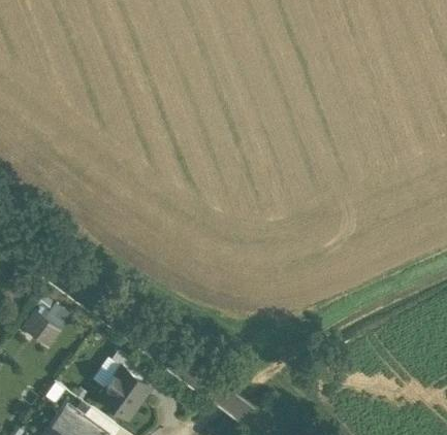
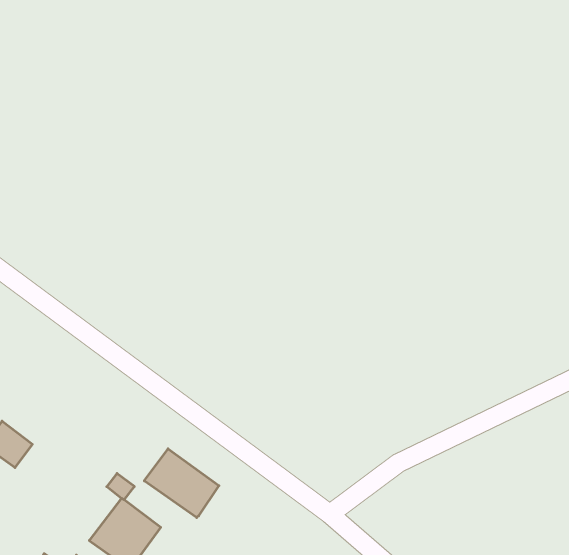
building: none -> [144,449,219,518]

